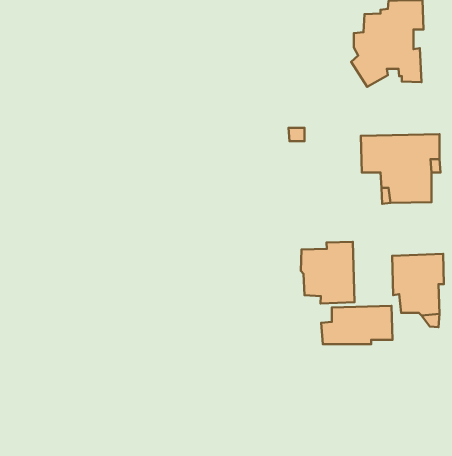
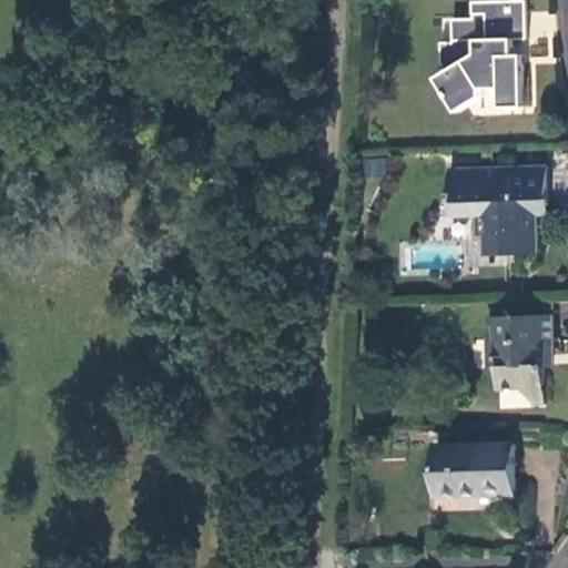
building: [301,242,354,304] -> none
building: [321,306,393,344] -> [420,446,509,494]

